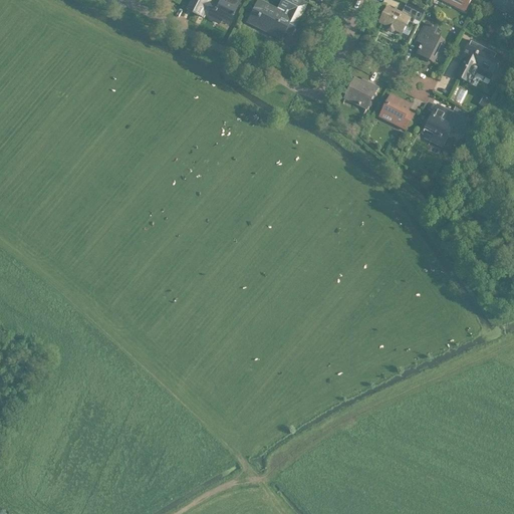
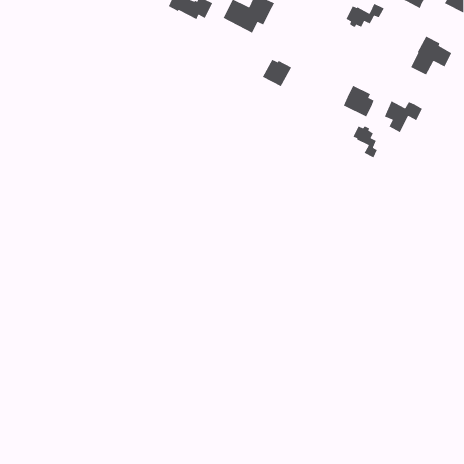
building: [416,21,442,61] -> none
building: [342,77,375,108] -> [262,59,292,87]
building: none -> [352,126,378,158]

